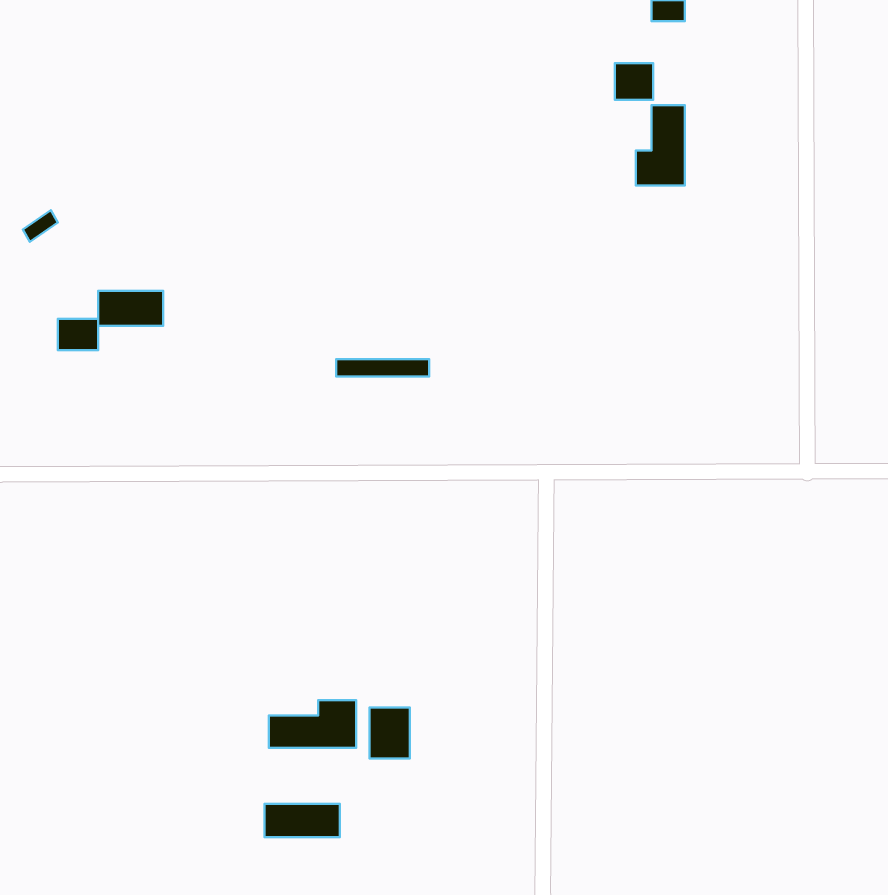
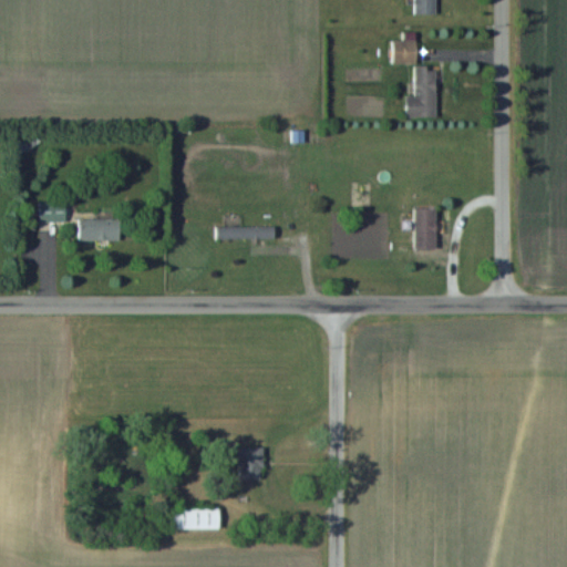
building: [98,291,163,326] -> [80,218,121,240]
building: none -> [415,207,436,248]
building: [269,700,356,748] -> none

